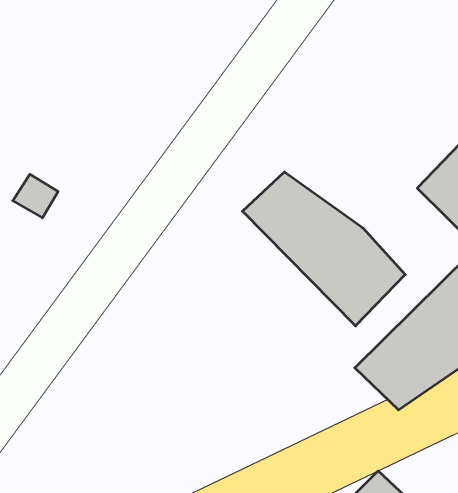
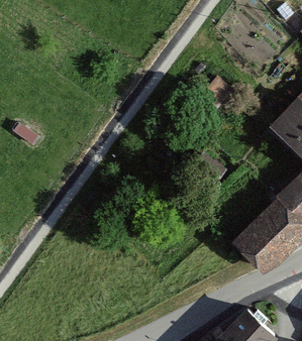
building: [242,172,405,326] -> none

